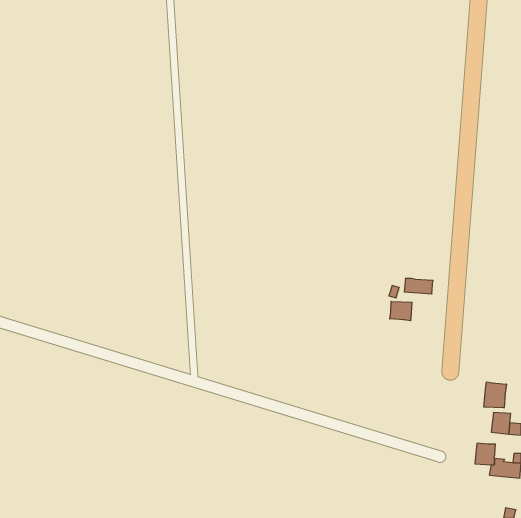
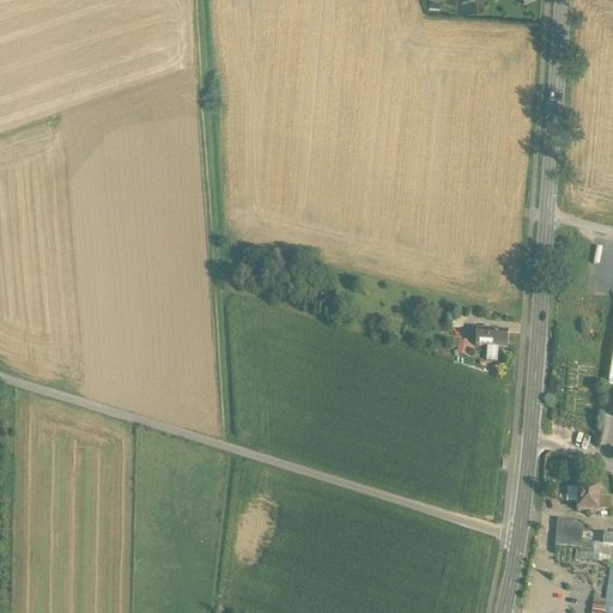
building: [390,301,412,321] -> none
building: [484,382,506,408] -> none

